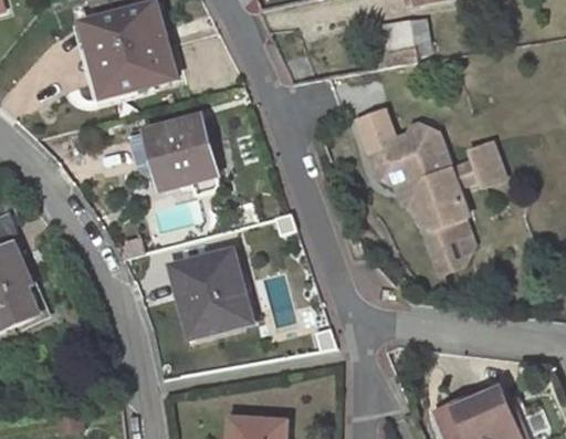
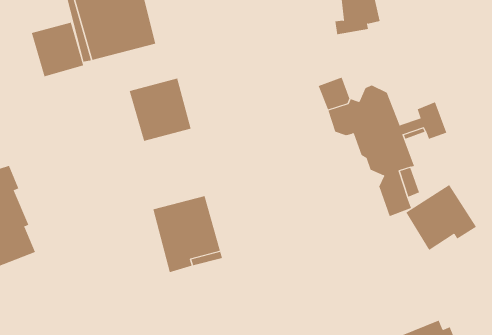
building: none -> [31,22,84,77]
building: none -> [406,184,477,251]

